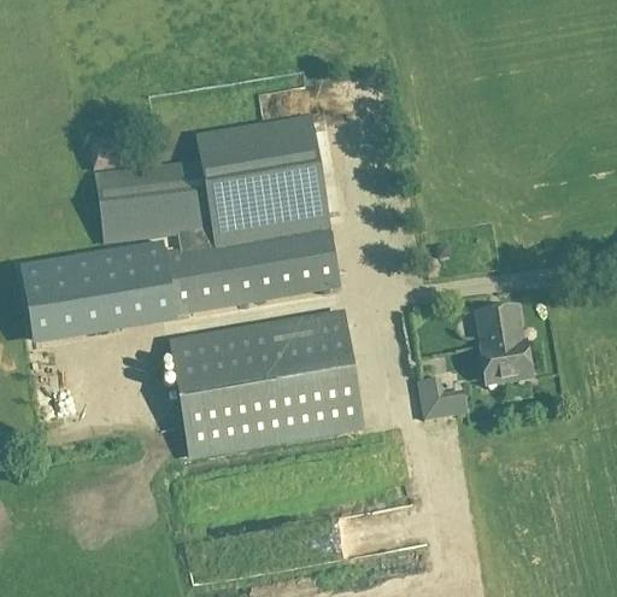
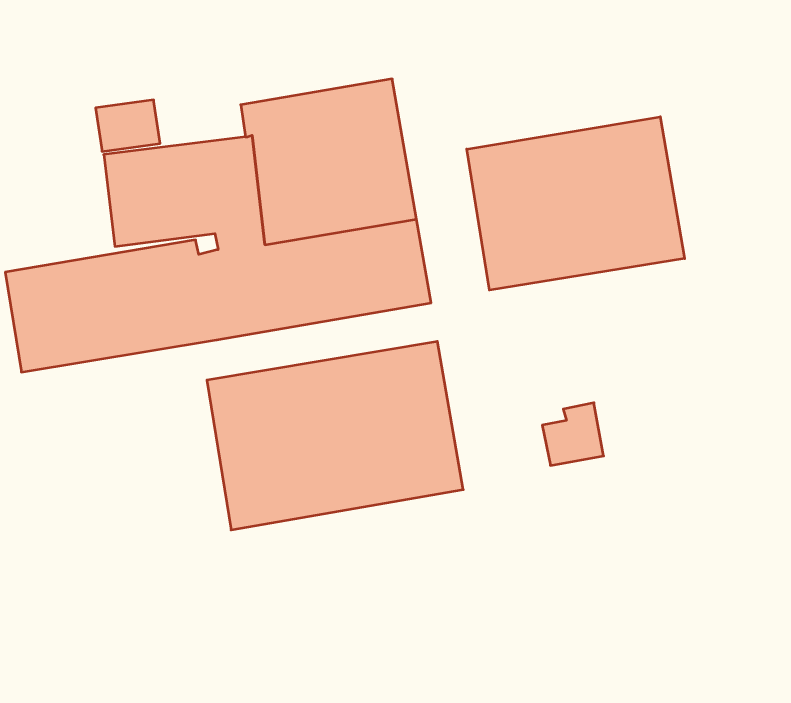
building: none -> [467,117,685,290]
building: [478,306,534,385] -> none

